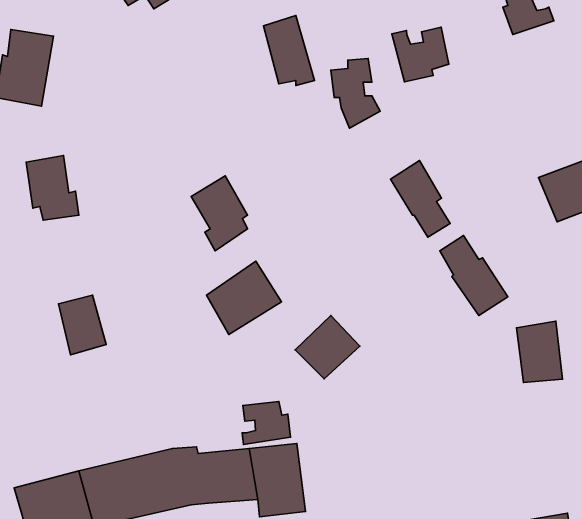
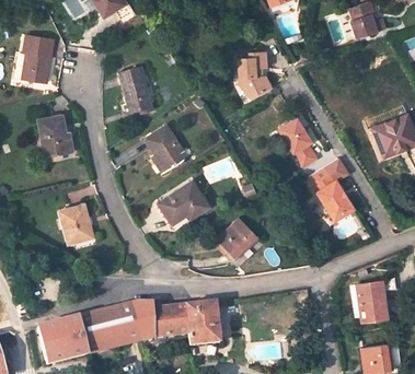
building: [264,16,315,86] -> [125,71,158,116]
building: [392,27,449,82] -> none
building: [517,321,563,382] -> [359,282,389,322]
building: [242,401,291,444] -> none

